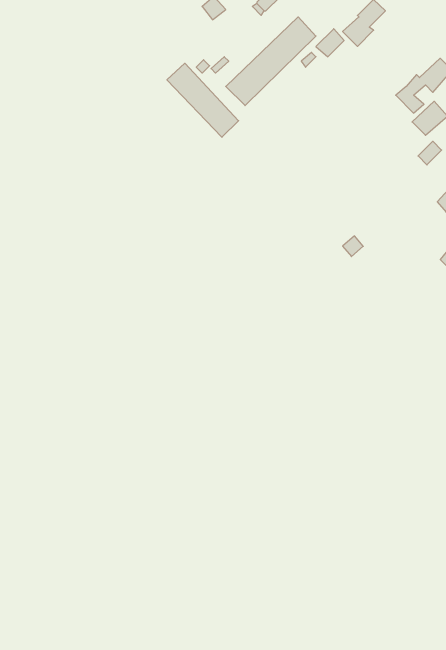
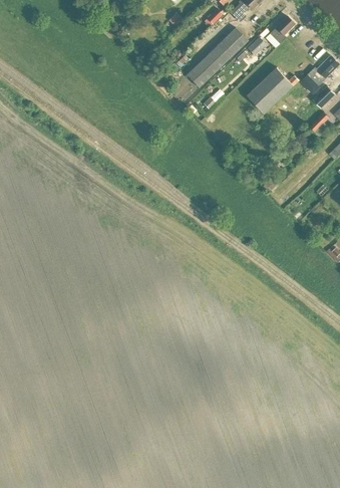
building: [167,63,239,137] -> none
building: none -> [248,68,299,113]

